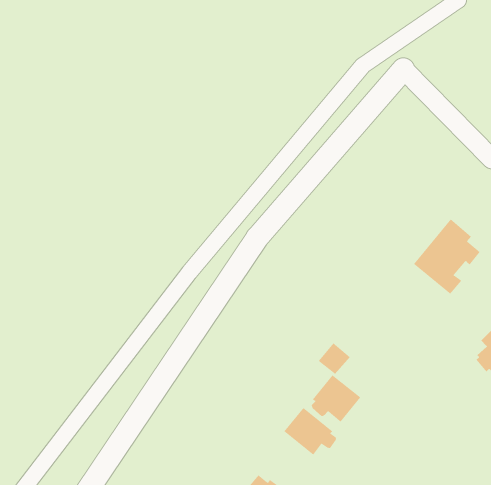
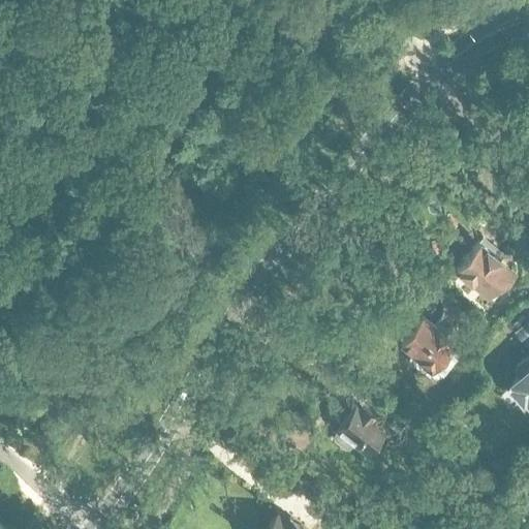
building: none -> [401,321,458,379]
building: [283,407,336,456] -> none

